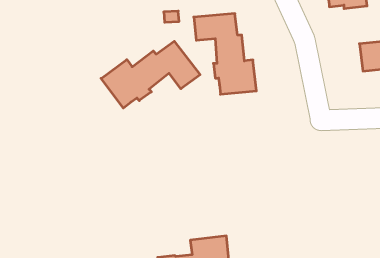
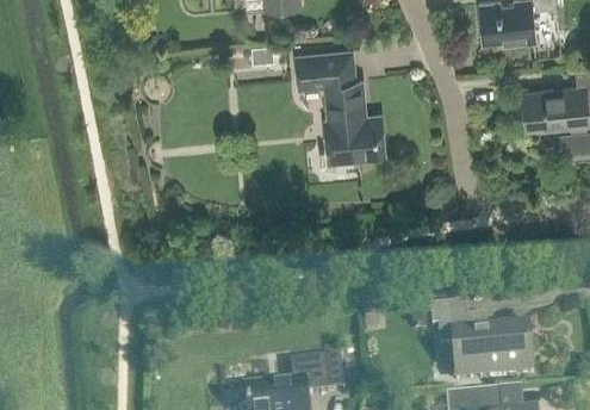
building: [101,41,200,108] -> none
building: none -> [430,302,533,378]

